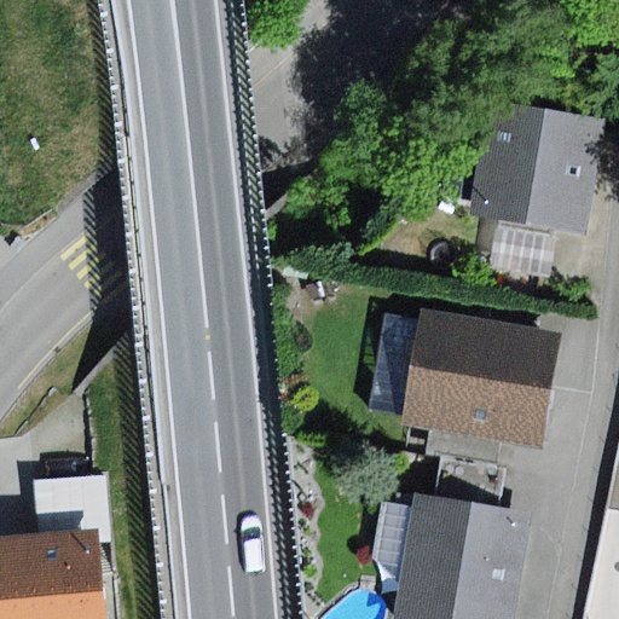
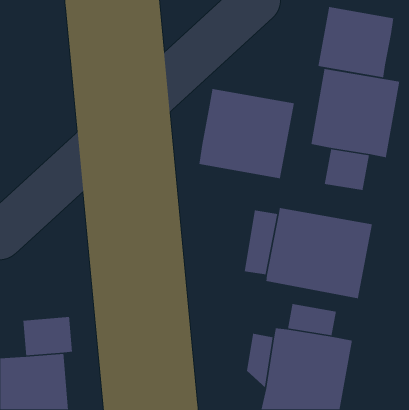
building: none -> [317,6,394,78]
building: none -> [198,88,295,179]

